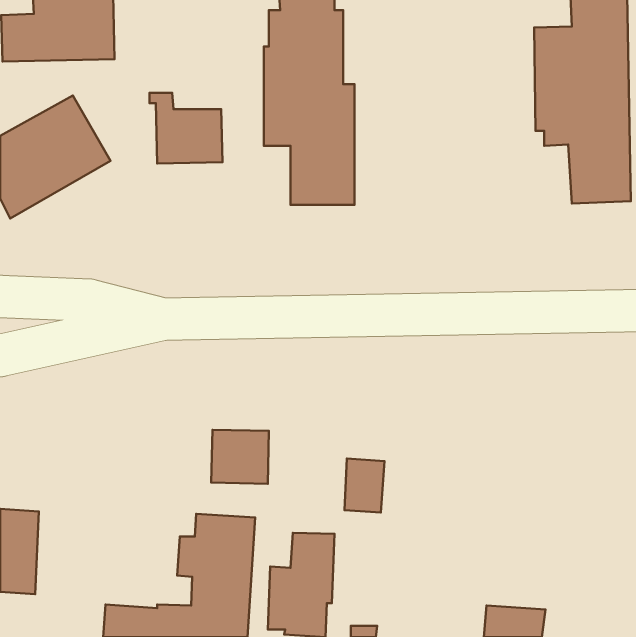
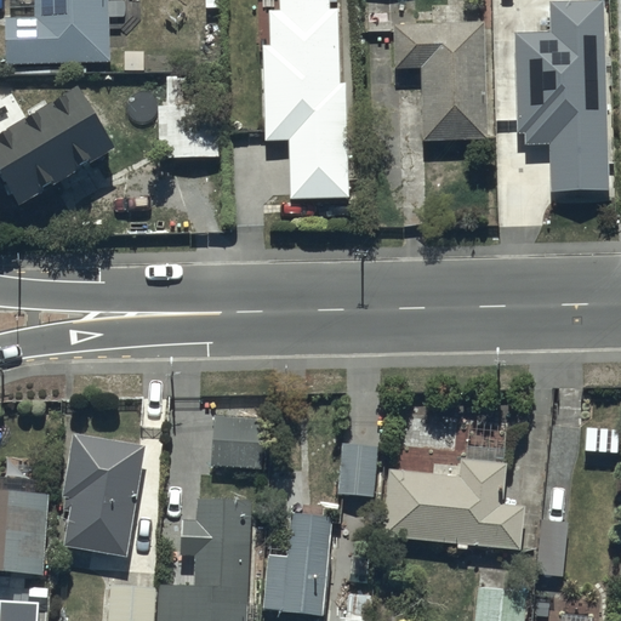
building: none -> [392,23,484,138]
building: none -> [58,434,142,557]
building: none -> [382,457,523,549]

